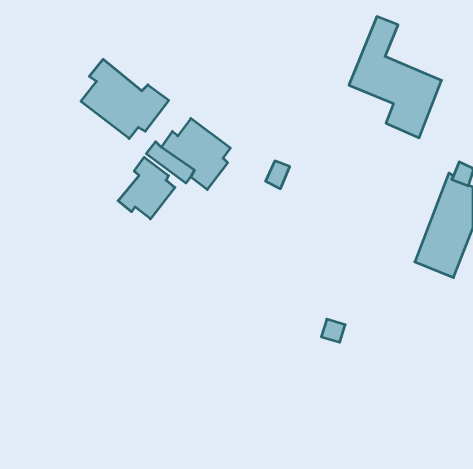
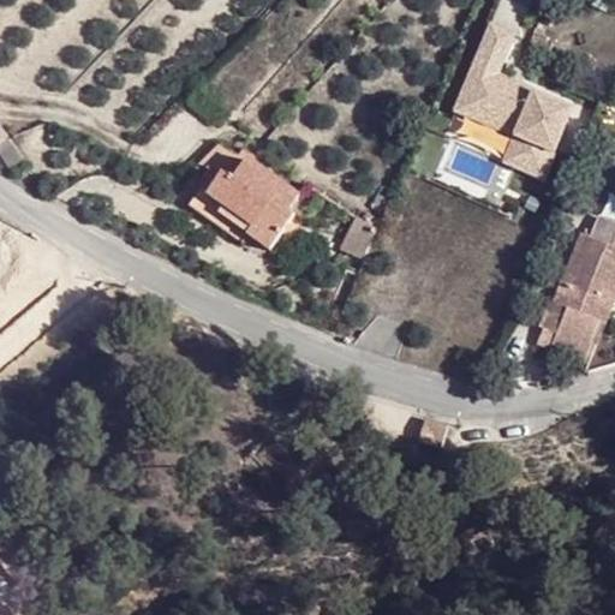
building: [81,59,169,139] -> none
building: [118,157,175,219] -> none

